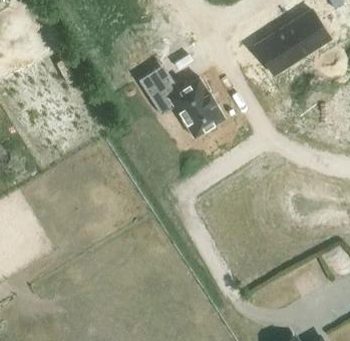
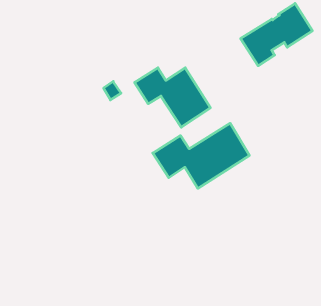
building: none -> [153,123,249,188]

